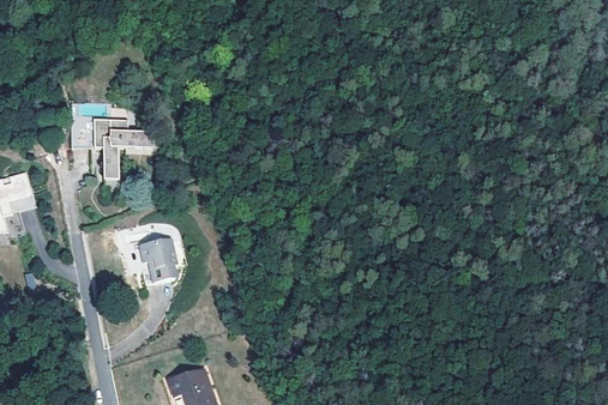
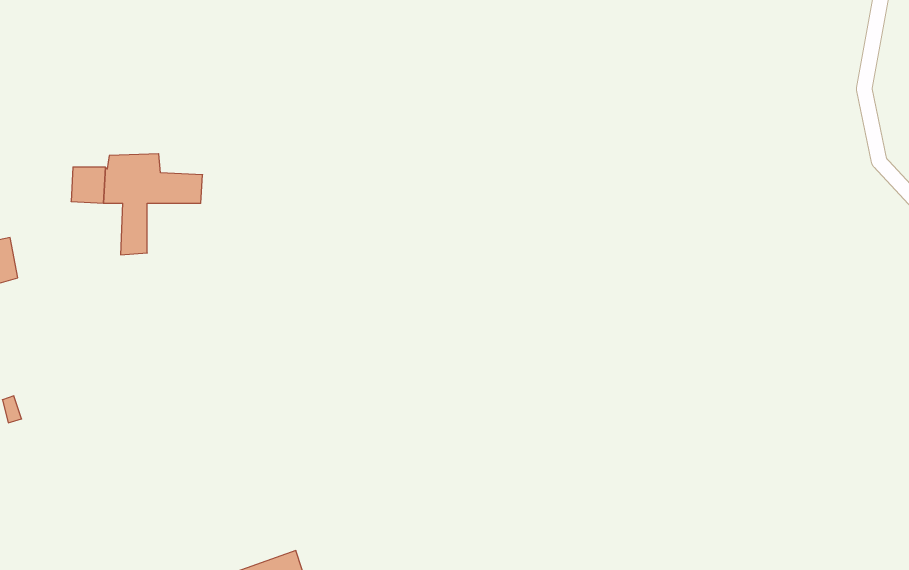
building: [137,235,177,283] -> none

